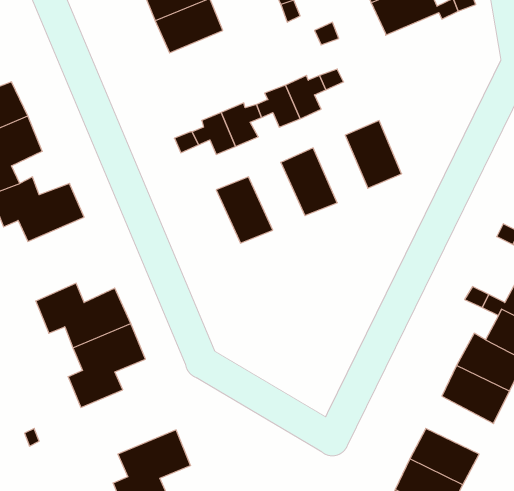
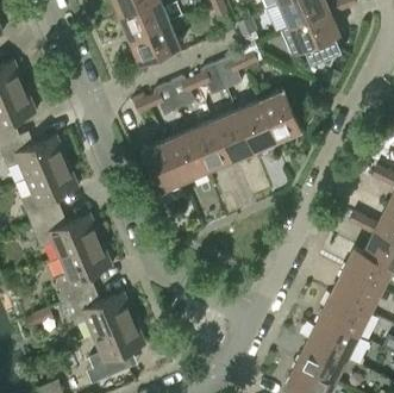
building: none -> [280,11,342,67]
building: none -> [130,24,180,66]
building: none -> [236,101,276,151]
building: none -> [188,121,230,171]
building: none -> [140,142,182,192]
building: none -> [21,162,79,224]
building: none -> [64,289,135,337]
building: none -> [319,294,369,337]

